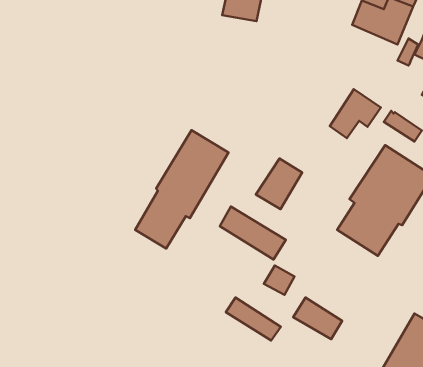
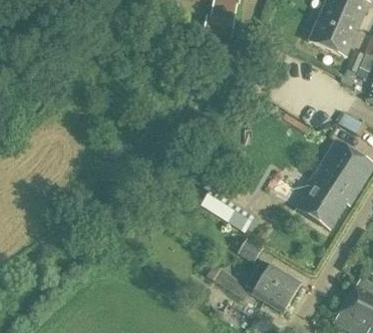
building: [330,89,381,138] -> none
building: [135,130,229,249] -> none
building: [256,158,302,209] -> none
building: none -> [252,280,292,313]

